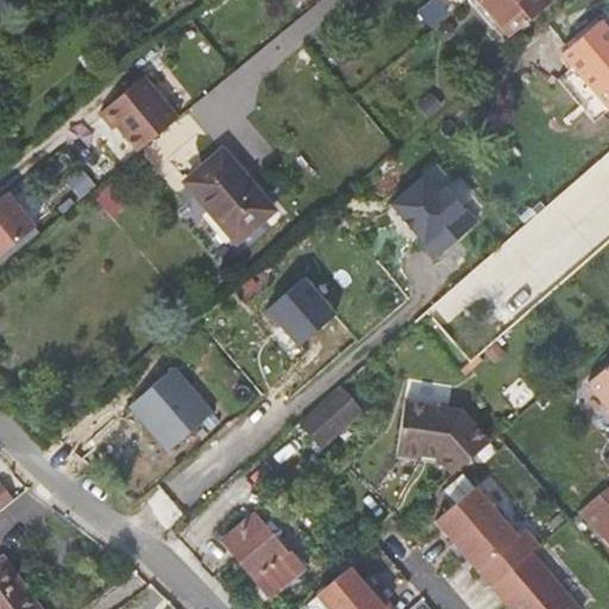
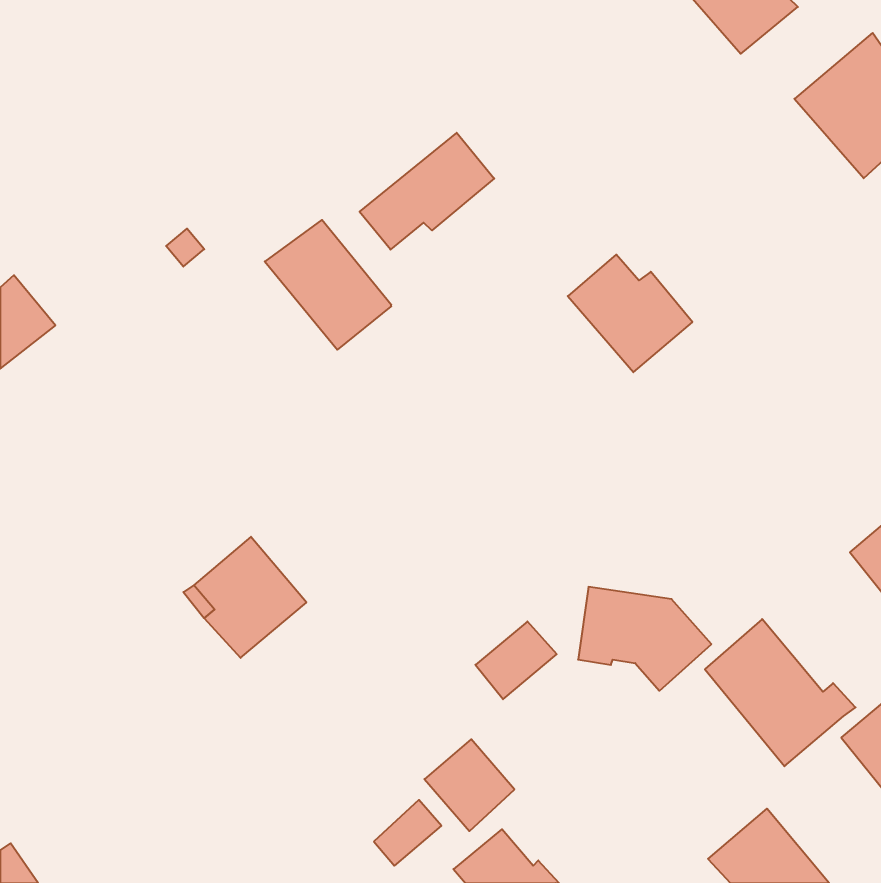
building: [105,69,186,145] -> none
building: none -> [360,133,494,250]
building: [268,276,337,344] -> none
building: [301,390,357,444] -> [475,621,557,699]
building: [434,489,538,590] -> [705,619,856,766]
building: [228,515,290,578] -> [424,739,514,831]

